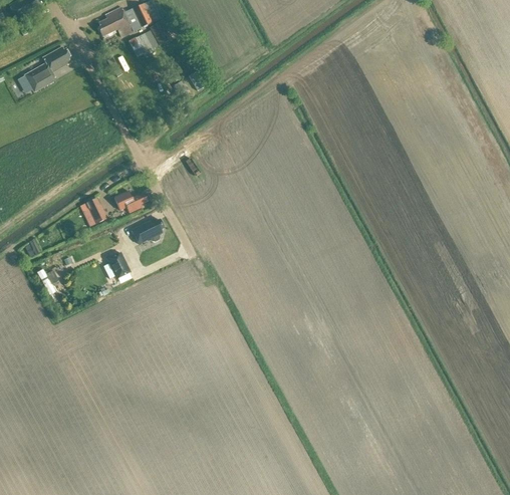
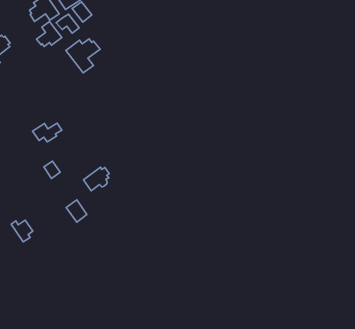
building: none -> [36,21,62,46]
building: none -> [66,39,100,73]
building: [112,190,147,212] -> [33,123,62,142]

